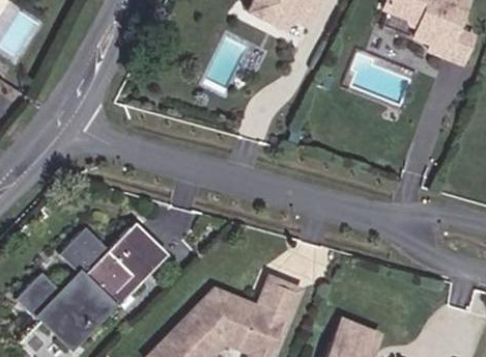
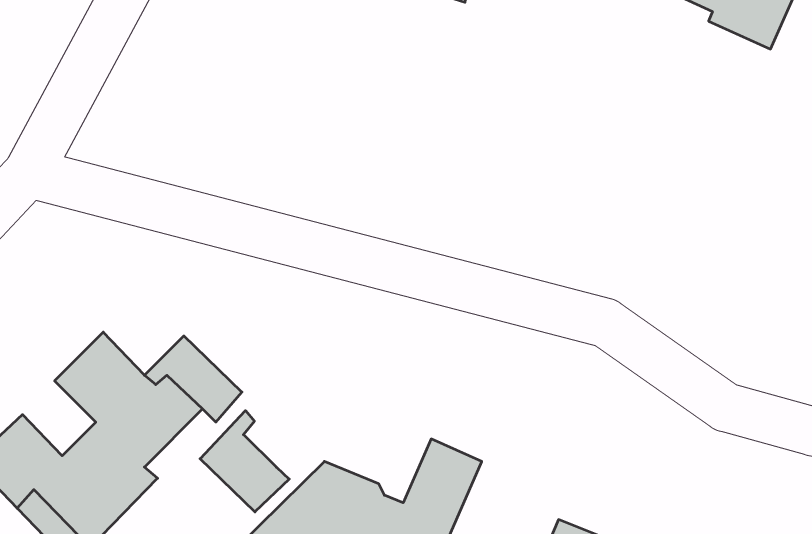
building: none -> [200,411,289,512]

